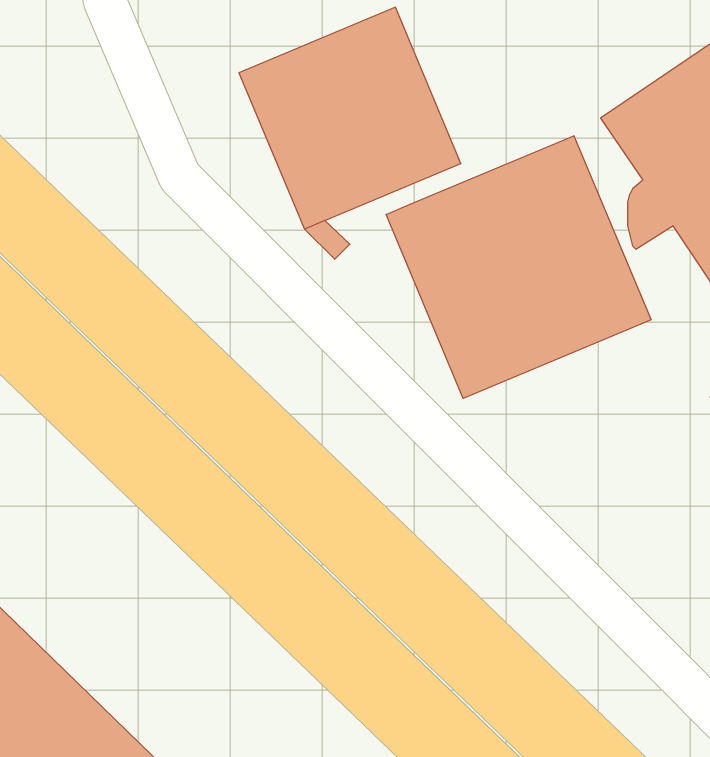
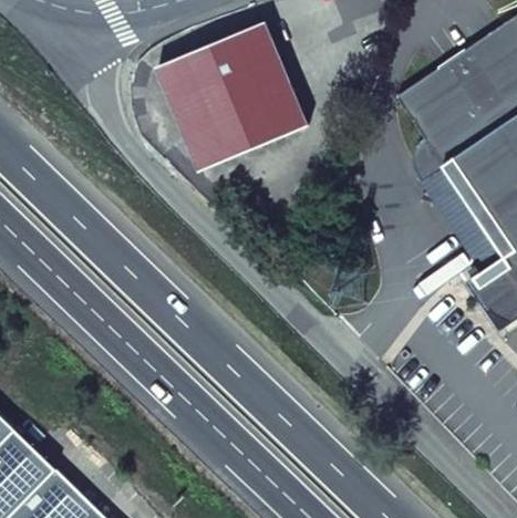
building: [386,136,651,398] -> none

